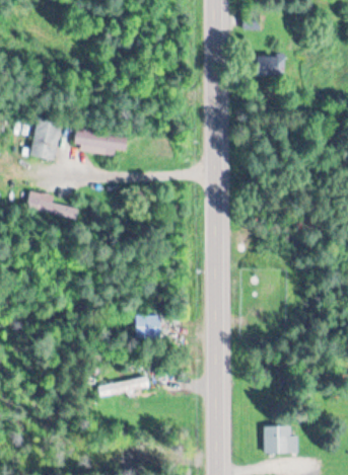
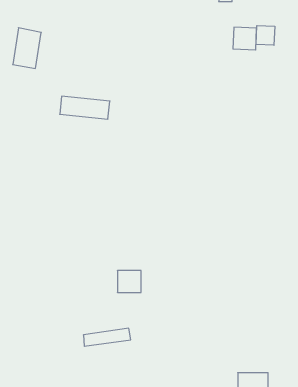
building: none -> [256,26,275,45]
building: [29,118,60,162] -> [13,28,41,68]
building: [24,192,76,221] -> none

